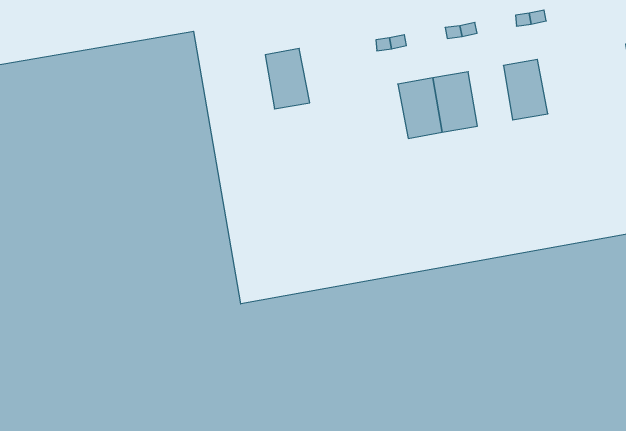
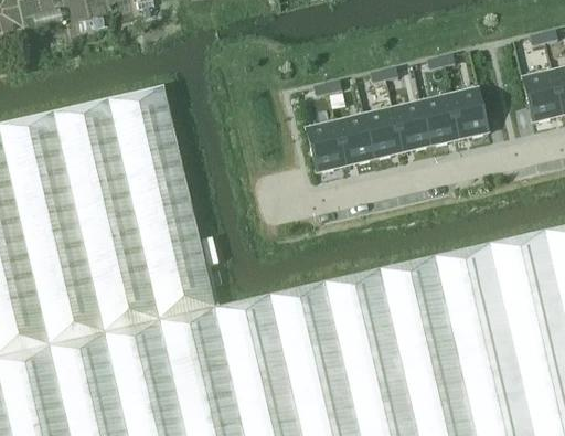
building: [265,48,310,109] -> [307,121,345,172]
building: none -> [448,88,487,139]
building: none -> [392,102,430,152]

